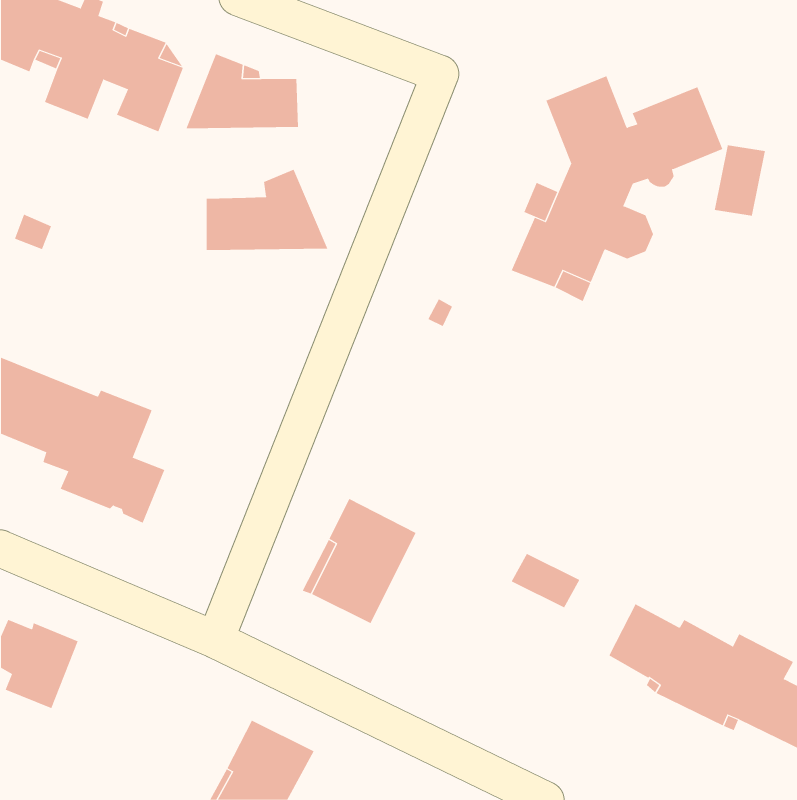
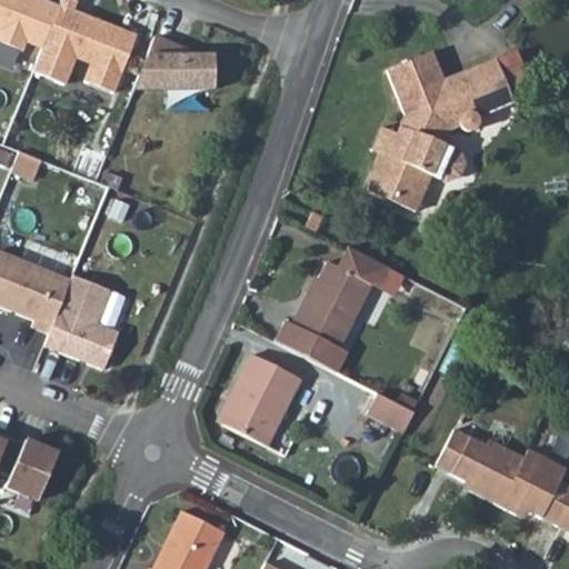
building: [714,144,766,217] -> none
building: [206,169,328,251] -> none
building: none -> [274,246,385,371]

